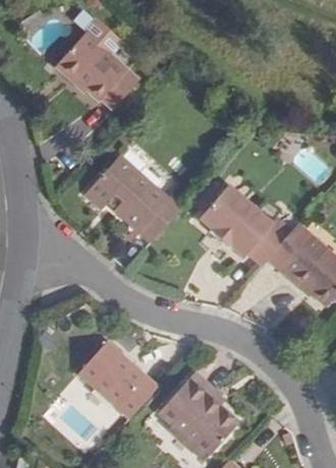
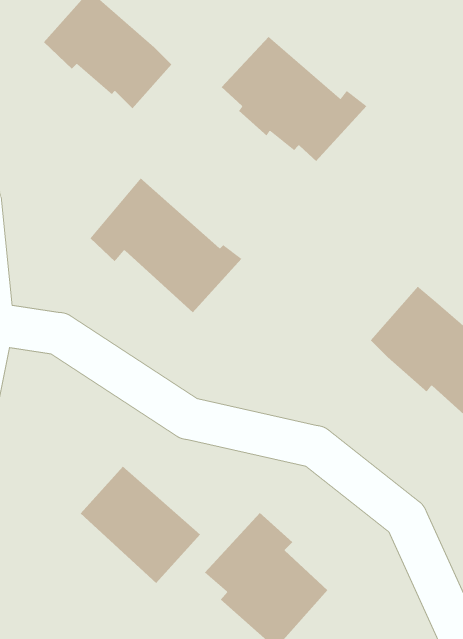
building: [200,183,293,263] -> [221,36,367,162]

